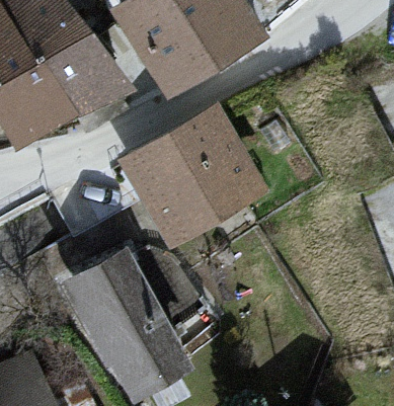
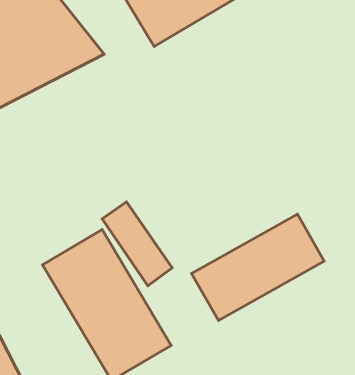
building: [123,113,256,241] -> none
building: none -> [192,214,324,321]

